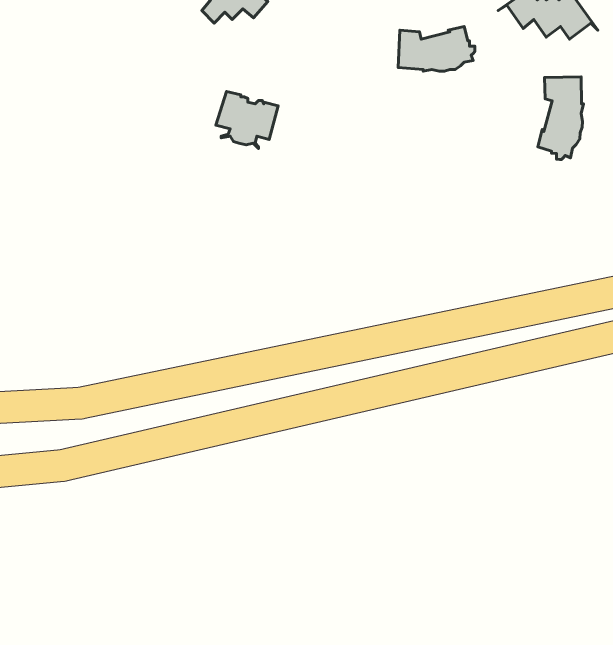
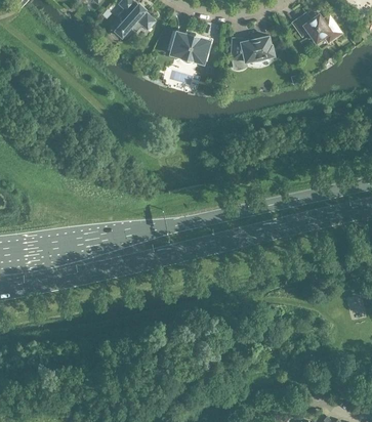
building: [538,77,583,159] -> none
building: [216,91,278,149] -> [172,34,208,67]

